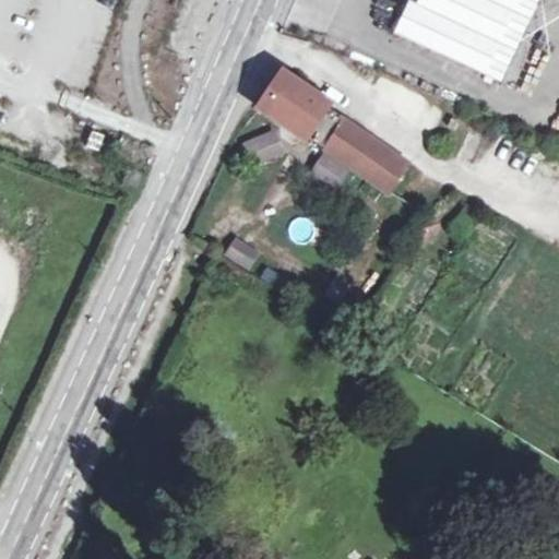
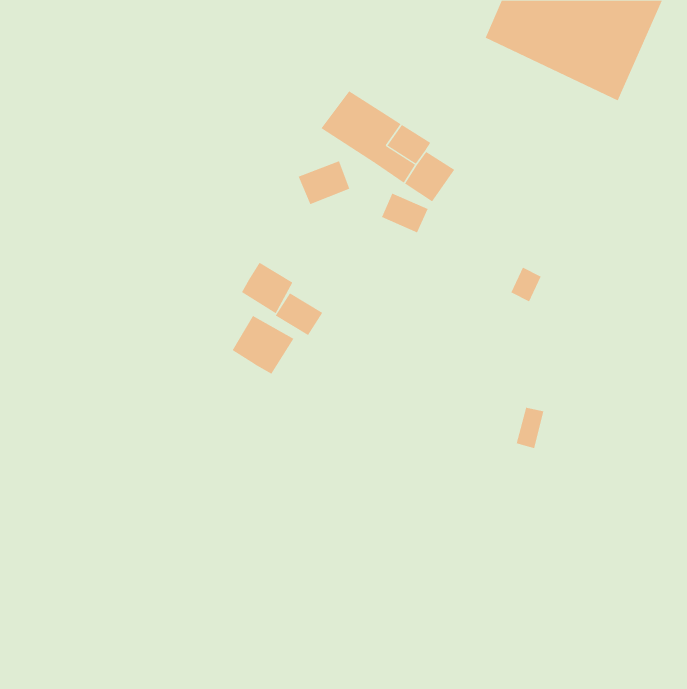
building: [352,138,407,188] -> none
building: none -> [241,262,293,314]
building: none -> [232,315,294,375]

